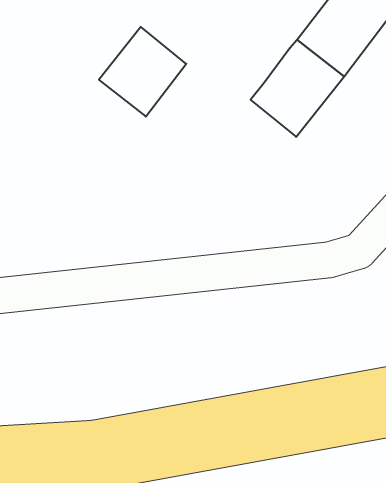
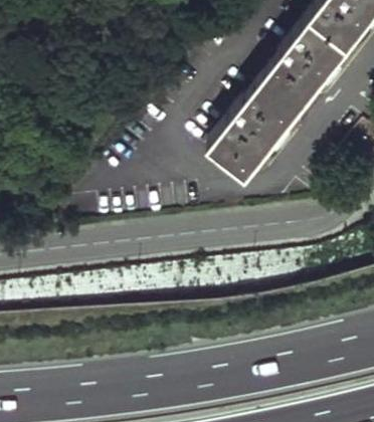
building: [99,27,186,117] -> [207,107,278,180]

